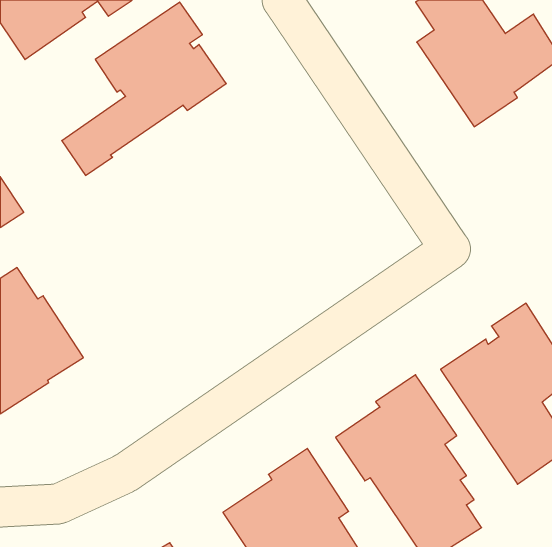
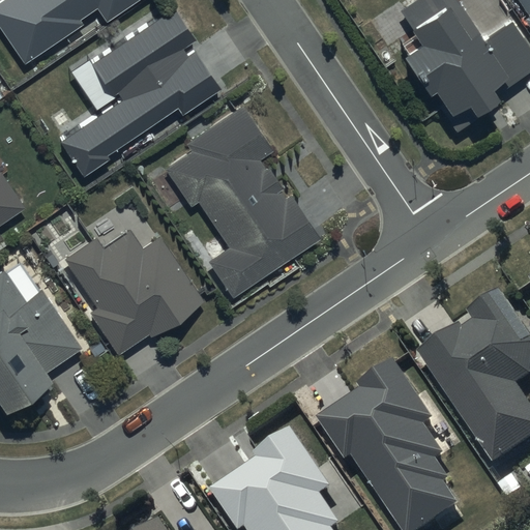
building: none -> [165,106,320,297]
building: none -> [63,230,203,353]

